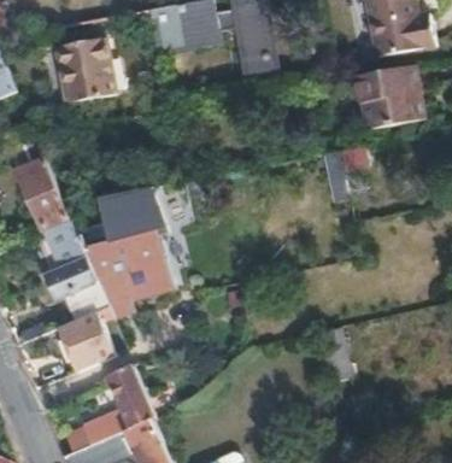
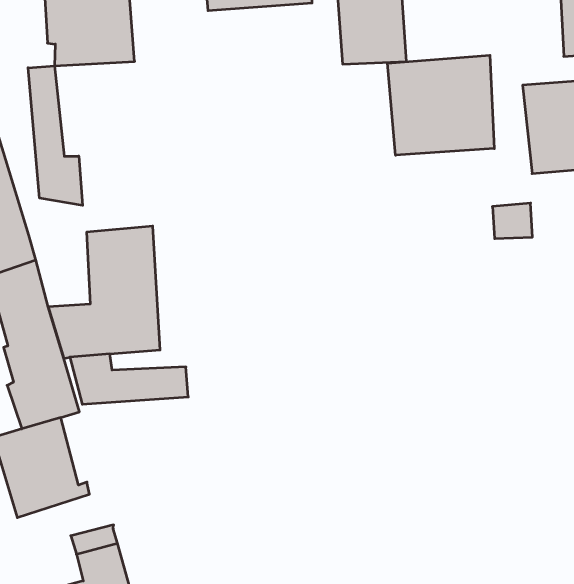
building: none -> [387,55,494,155]
building: none -> [28,66,83,205]

